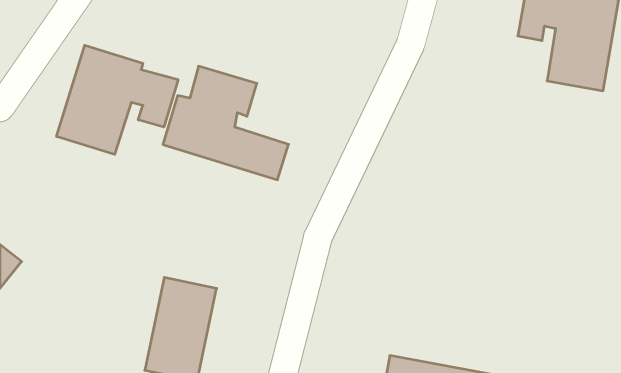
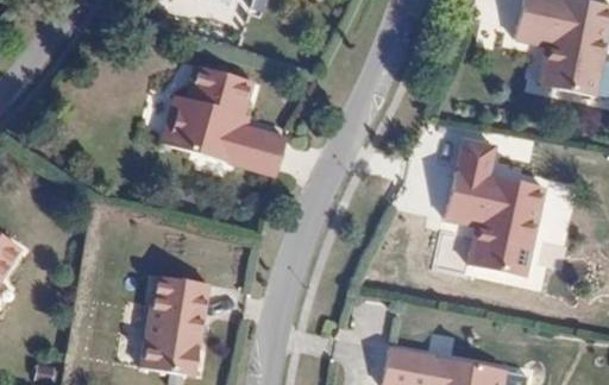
building: [57,45,178,154] -> none
building: none -> [452,141,546,272]

